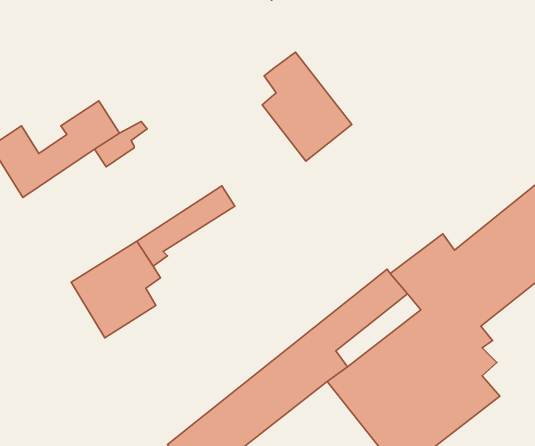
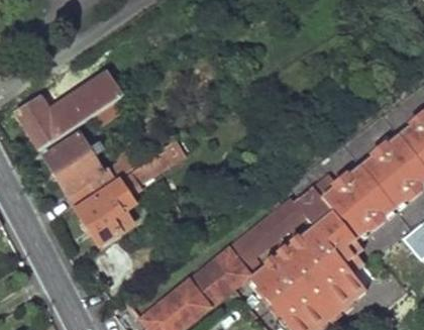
building: [262,52,352,161] -> none
building: none -> [44,131,127,205]

